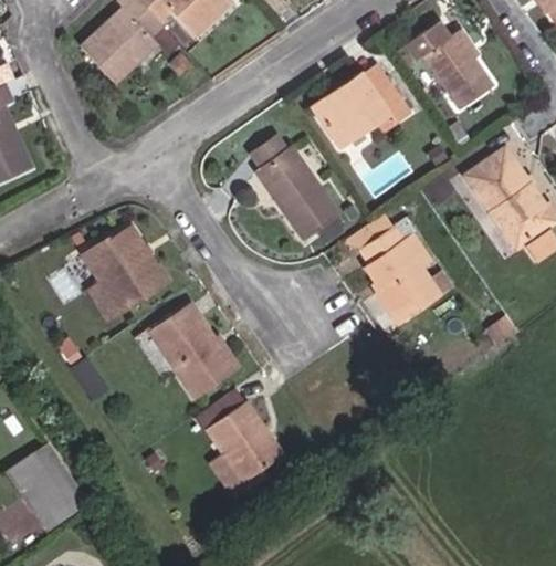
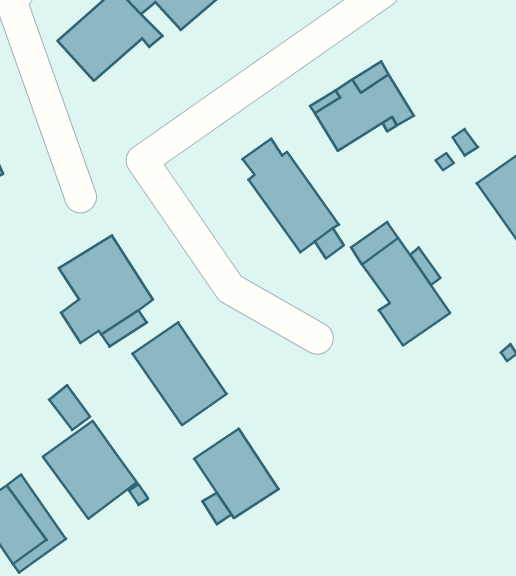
building: [405,22,493,109] -> none
building: none -> [43,421,137,519]

